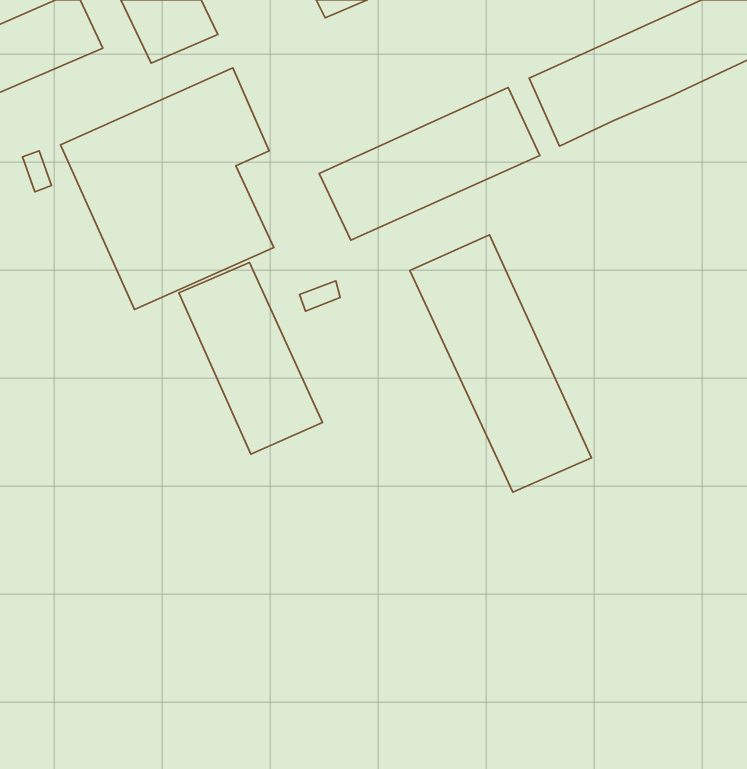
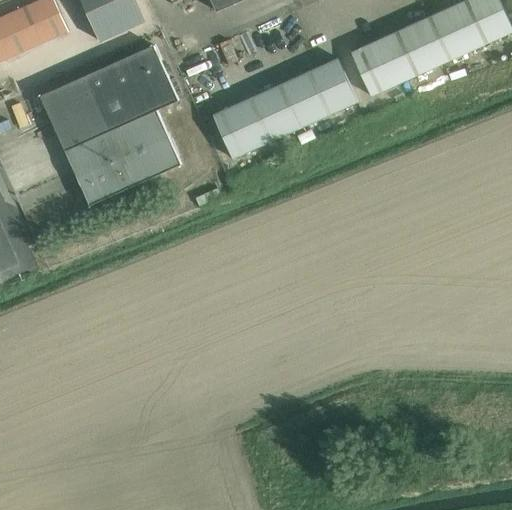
building: [410,235,591,492] -> none
building: [179,262,323,454] -> none

